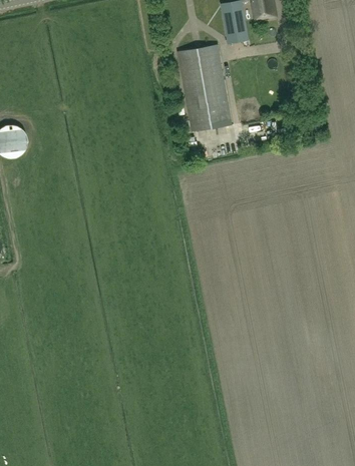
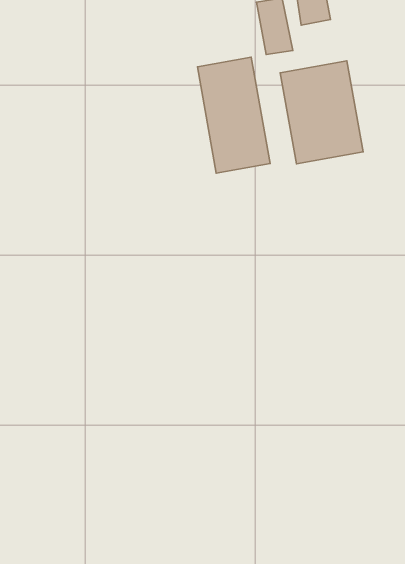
building: none -> [280,61,363,164]

